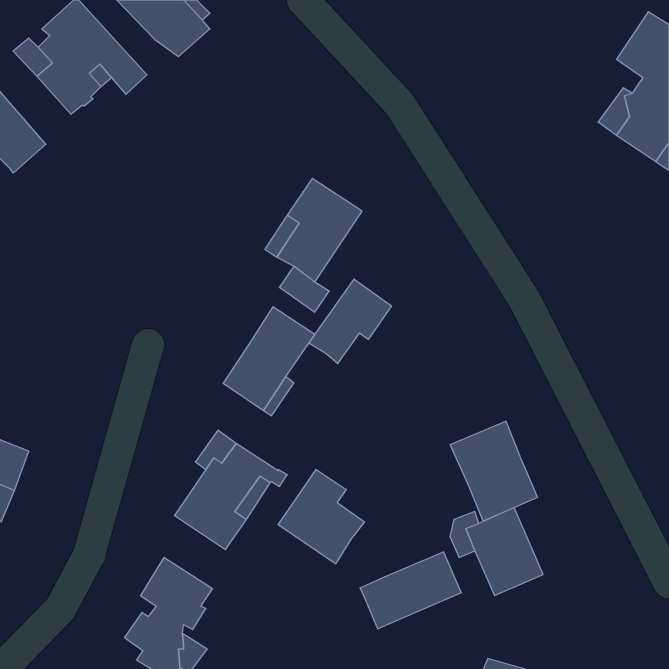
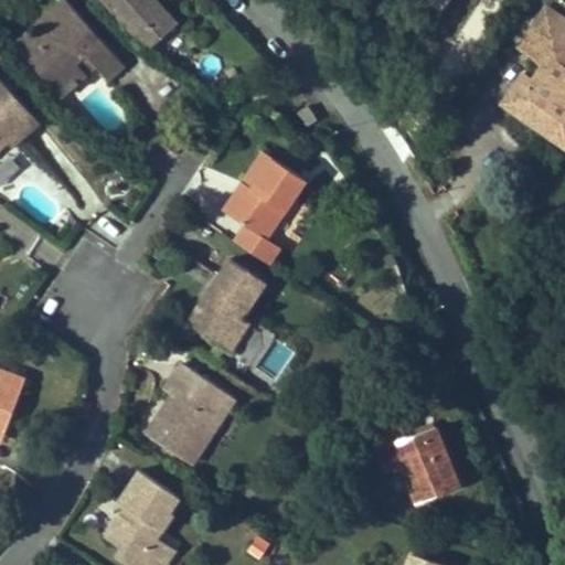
building: [309,279,391,364] -> none
building: [450,421,537,521] -> none
building: [278,469,365,564] -> none
building: [360,552,461,629] -> none

